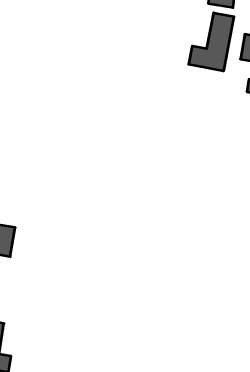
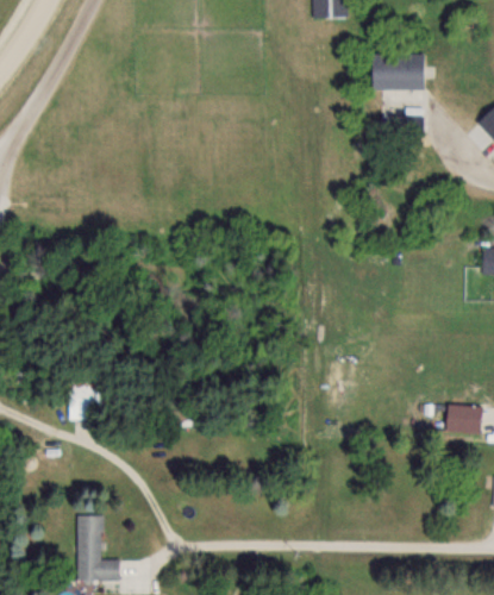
building: [189,13,234,71] -> none

